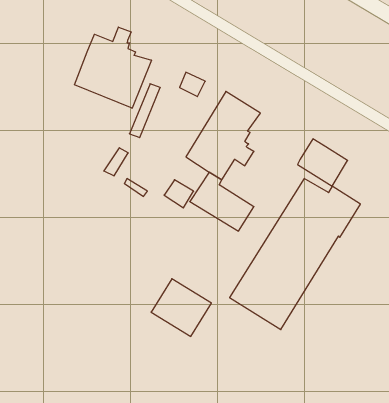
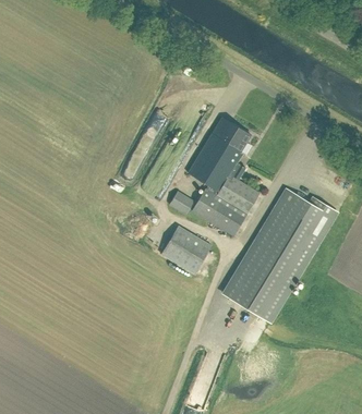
building: [75,27,151,108] -> none
building: [298,139,348,186] -> [215,174,257,215]
building: [151,279,211,336] -> [160,226,212,275]

